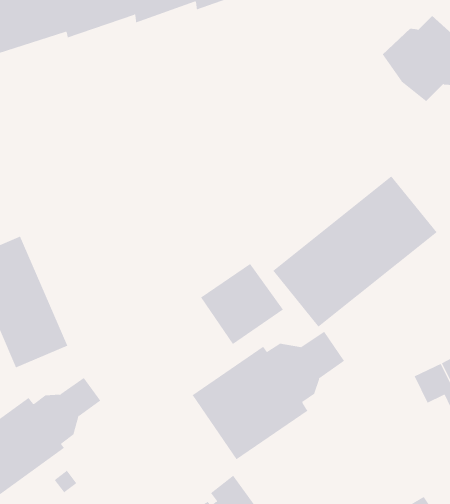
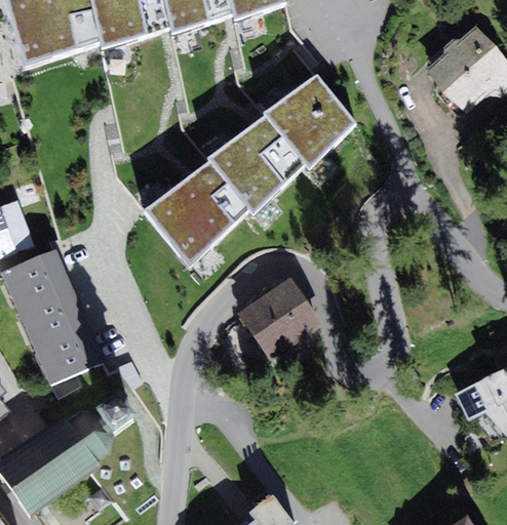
building: none -> [144,73,354,265]
building: [272,176,437,328] -> none
building: [192,331,345,460] -> none

